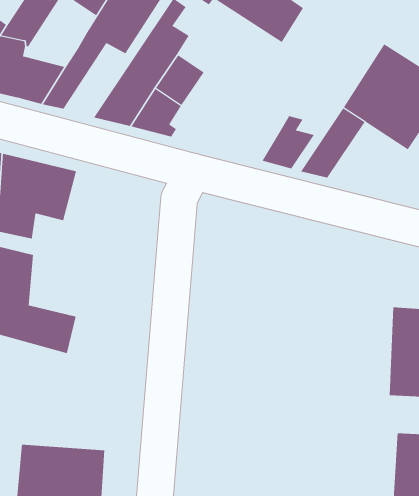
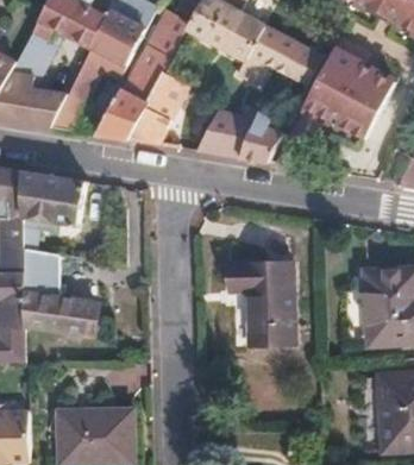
building: none -> [242,25,322,83]
building: none -> [199,109,255,157]
building: none -> [226,265,294,346]

